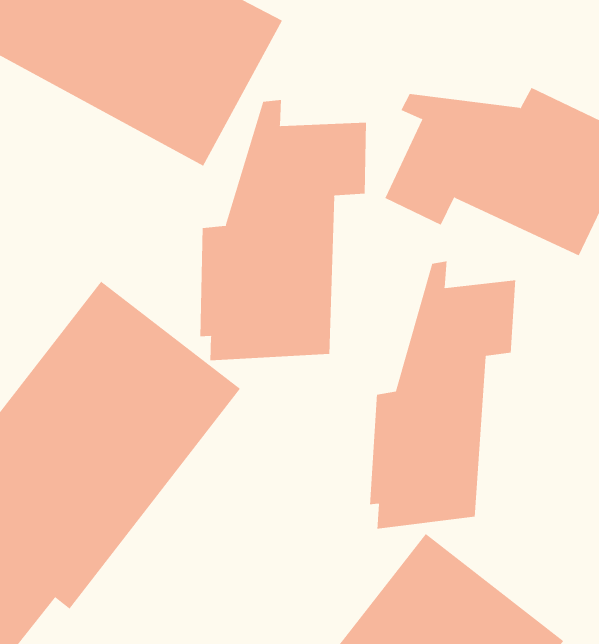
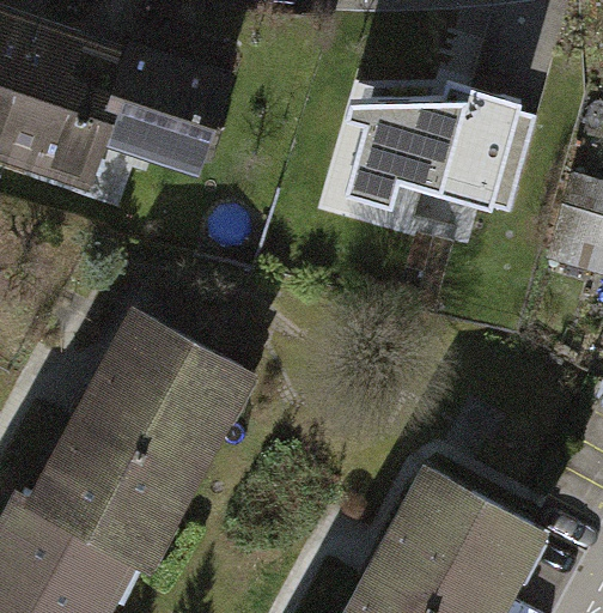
building: [200,99,367,361] -> none
building: [370,261,516,529] -> none

